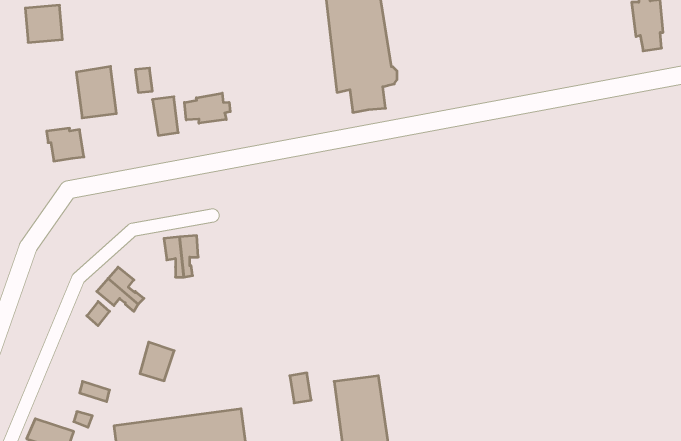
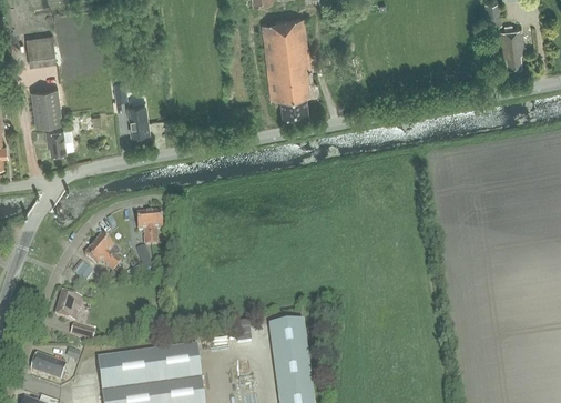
building: [76,66,116,118] -> [31,87,62,127]
building: [184,93,230,123] -> none
building: [140,342,174,381] -> [55,290,82,320]

